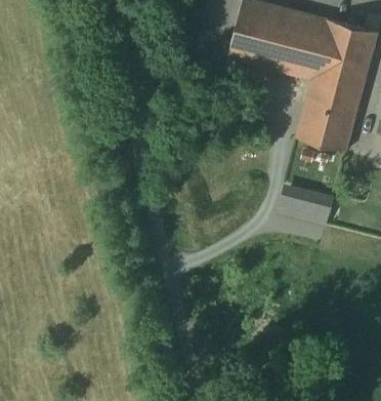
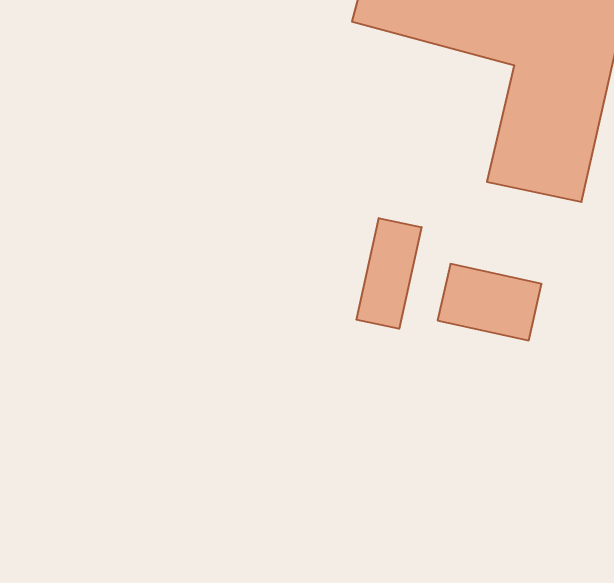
building: none -> [356,218,422,329]

